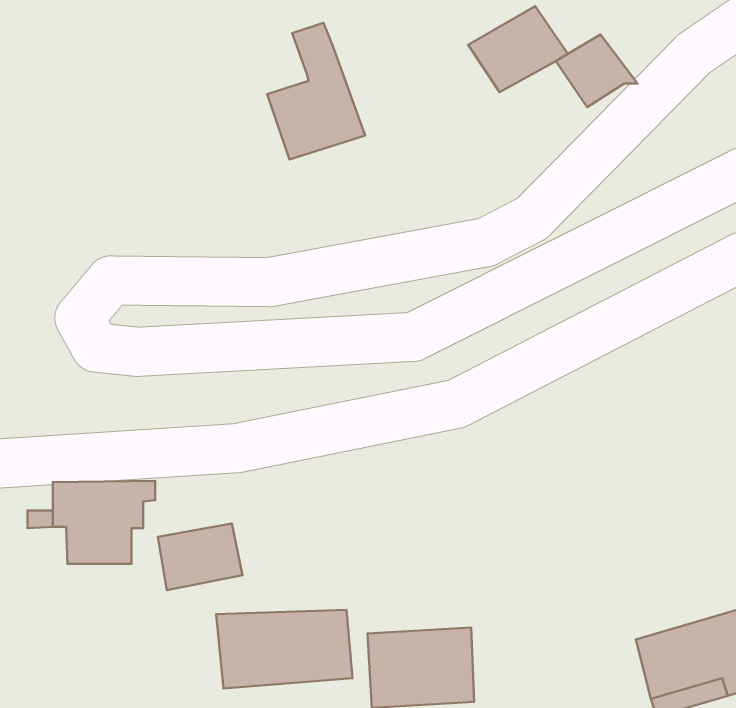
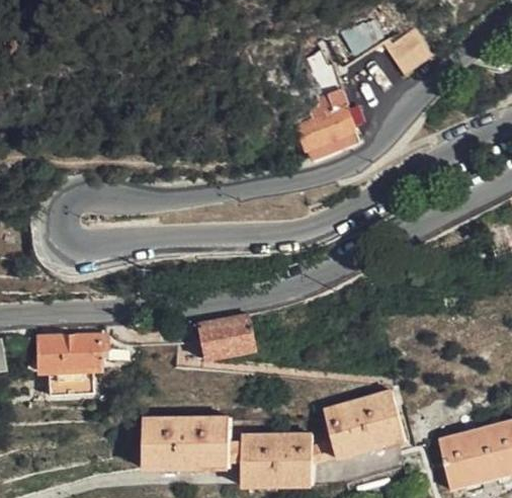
building: [267,23,365,159] -> [291,64,358,157]
building: [158,523,242,590] -> [192,311,250,356]
building: none -> [334,389,414,458]

